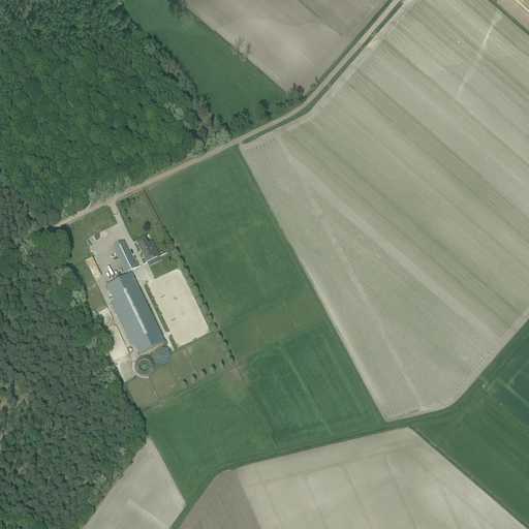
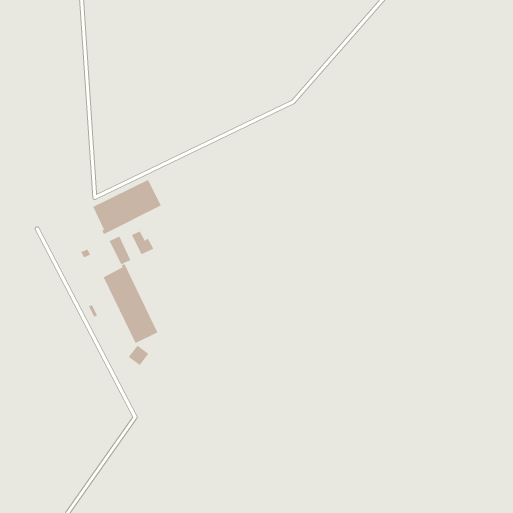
building: none -> [93,179,162,235]

